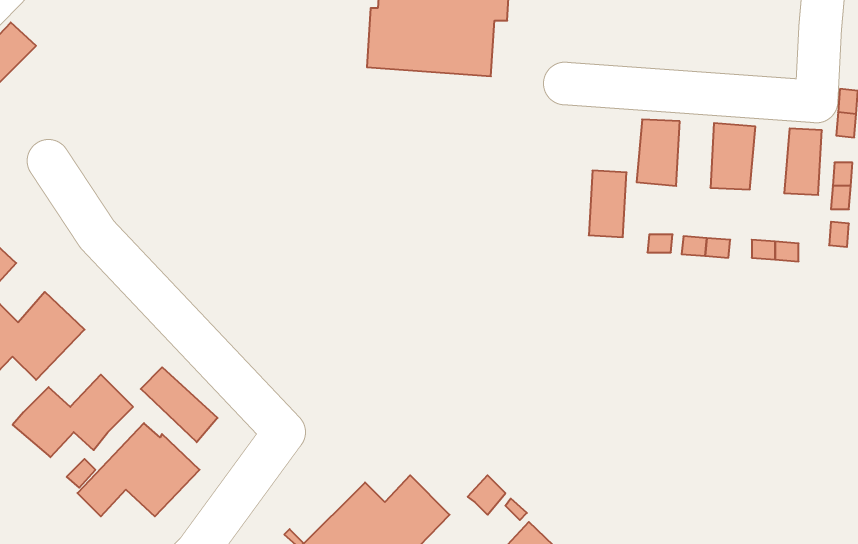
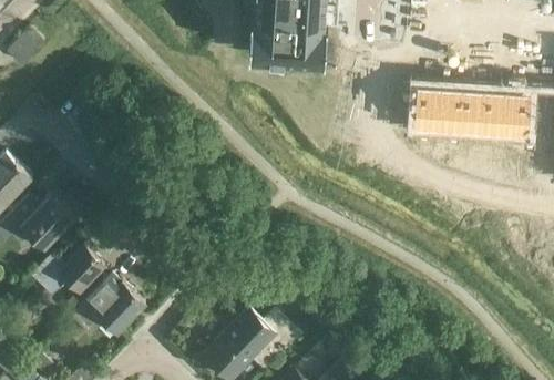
building: none -> [483,93,507,134]
building: [589,171,627,237] -> [438,90,461,131]
building: [141,367,218,442] -> none

